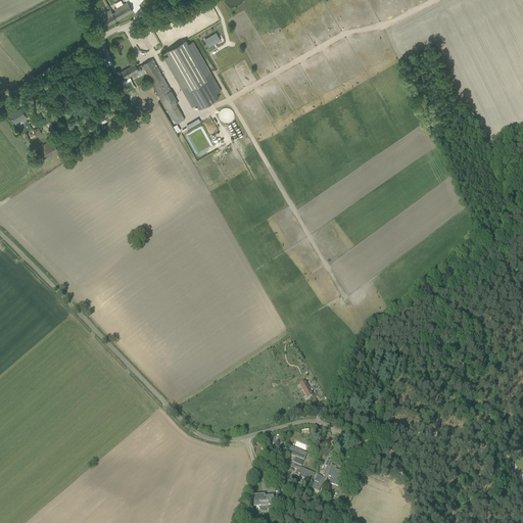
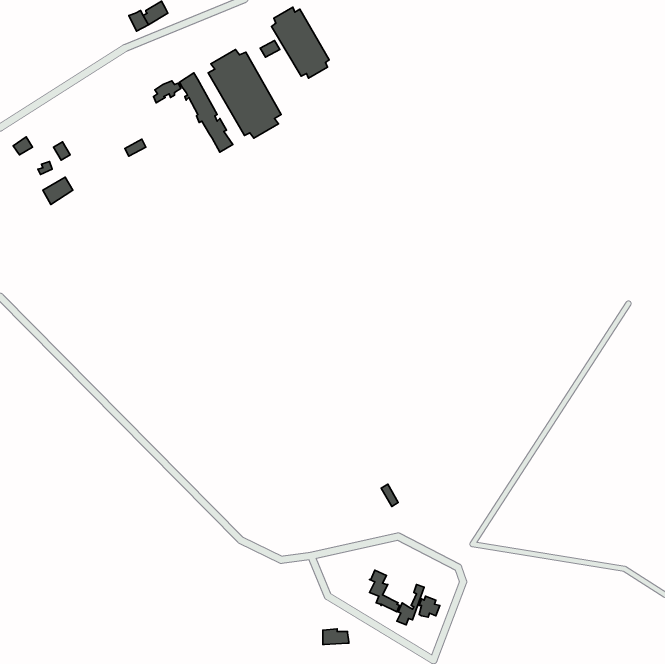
building: none -> [272,7,329,78]

